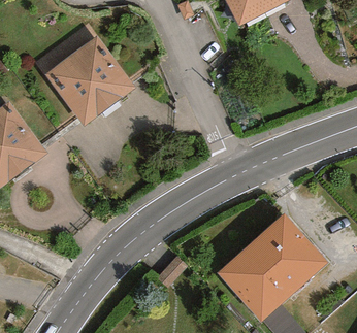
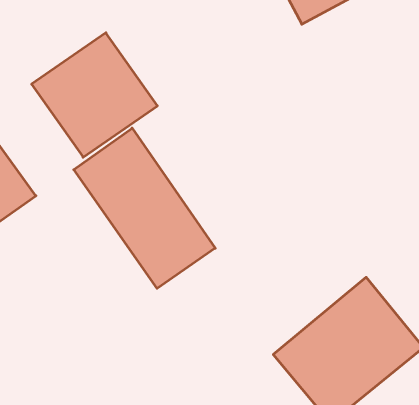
building: none -> [74,128,215,288]

